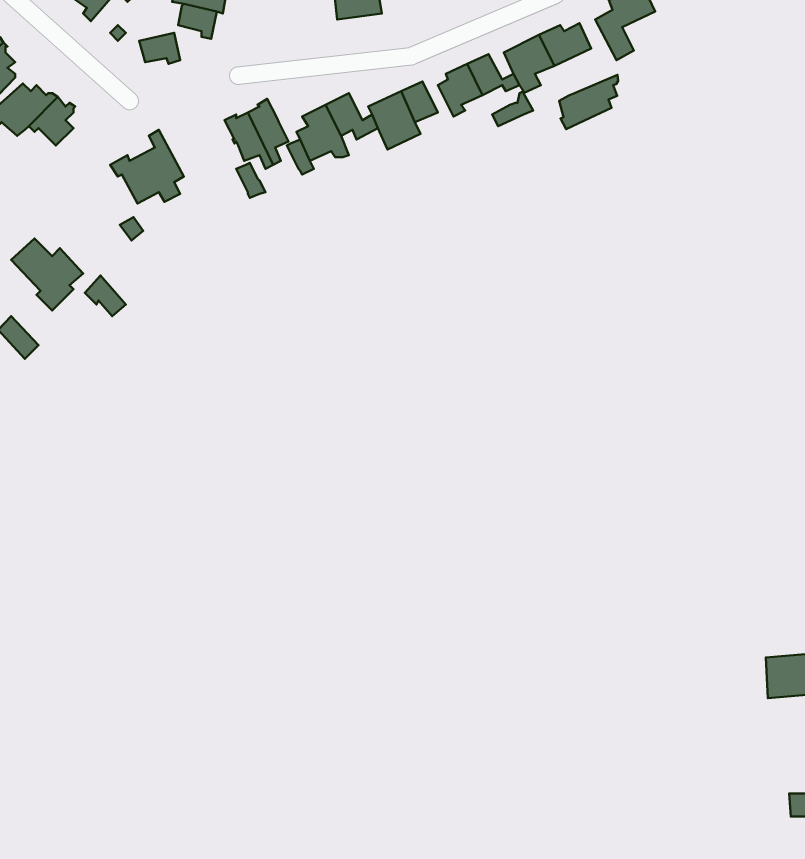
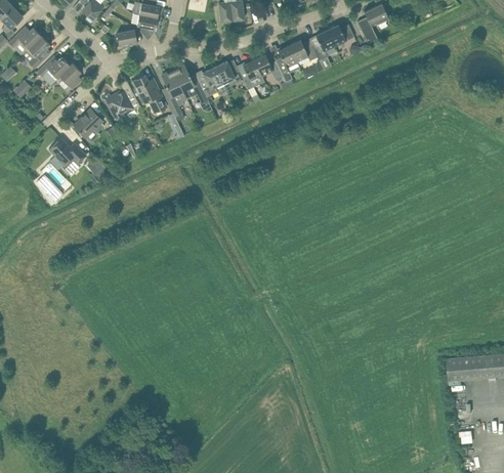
building: [559,75,618,129] -> none
building: none -> [132,74,166,113]
building: none -> [74,109,102,137]

